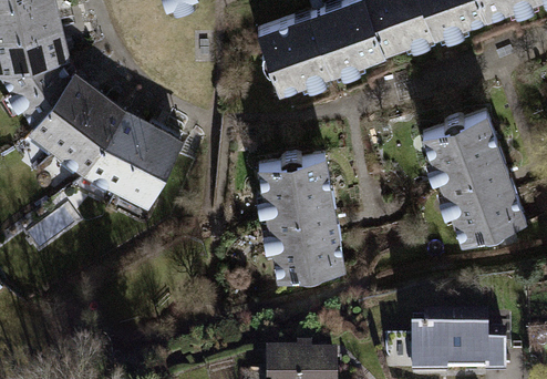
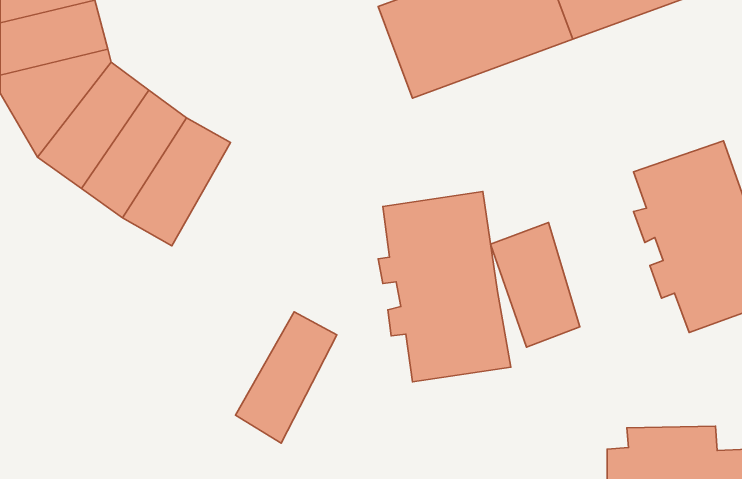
building: [116,124,185,213] -> [235,312,337,443]
building: none -> [491,223,580,347]

